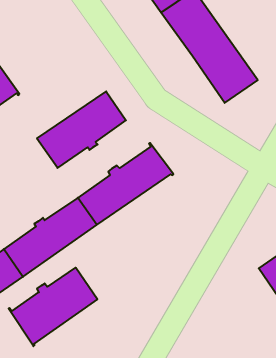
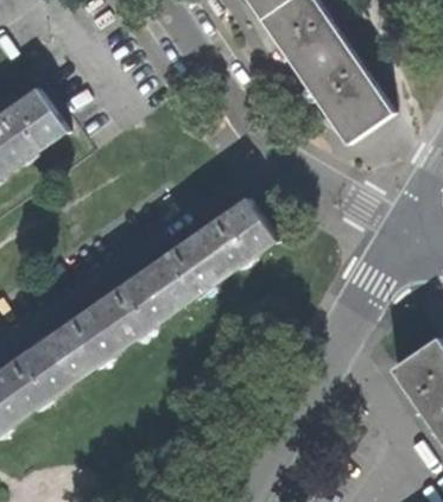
building: [37,91,126,168] -> none
building: [9,268,97,346] -> none

